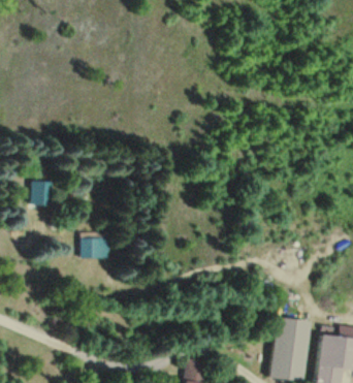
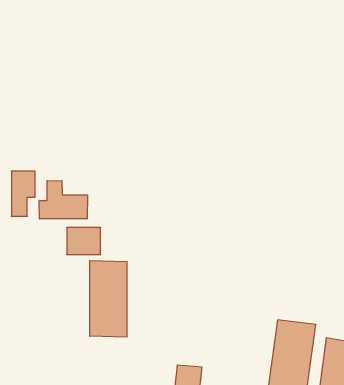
building: none -> [39,181,87,219]
building: none -> [90,261,127,337]

